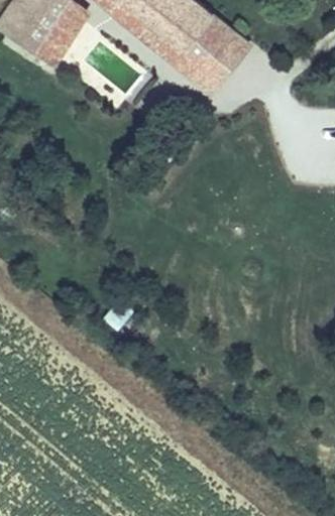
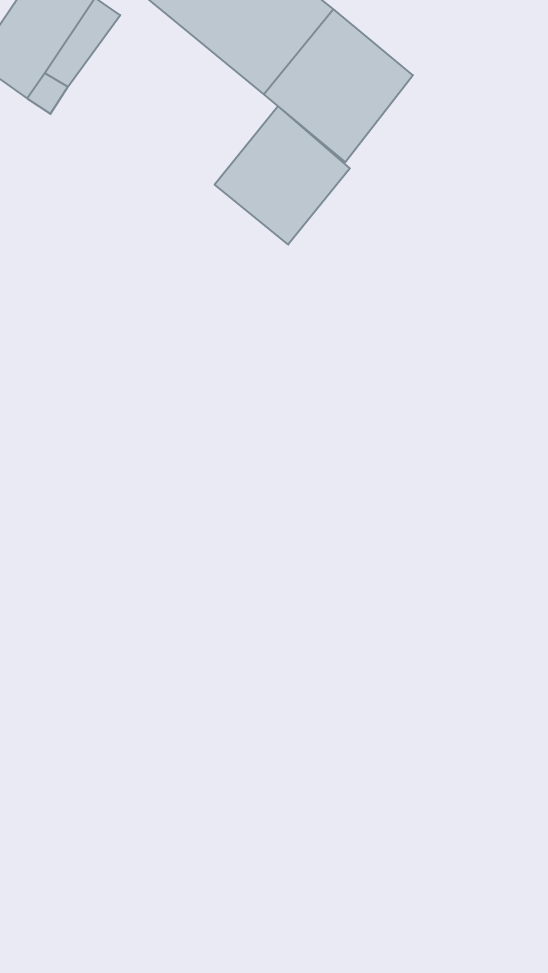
building: none -> [215,106,350,245]

